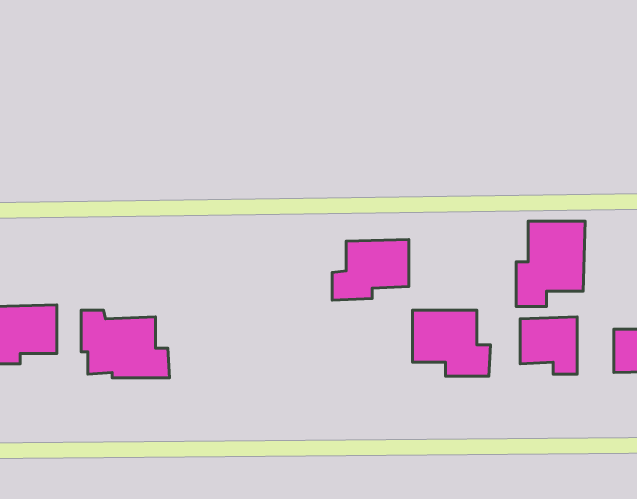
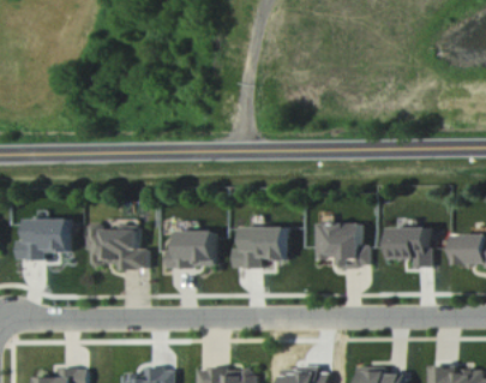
building: [516,221,585,307] -> none
building: [332,239,409,300] -> [233,226,286,268]
building: none -> [166,231,214,269]

